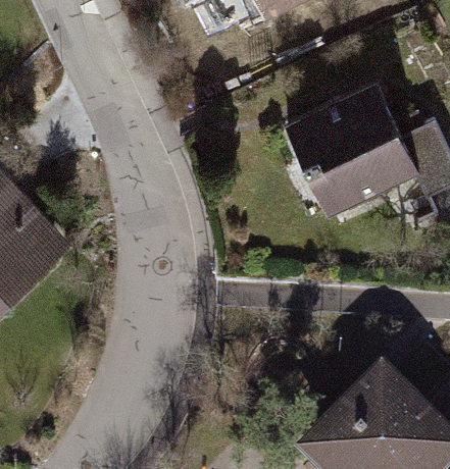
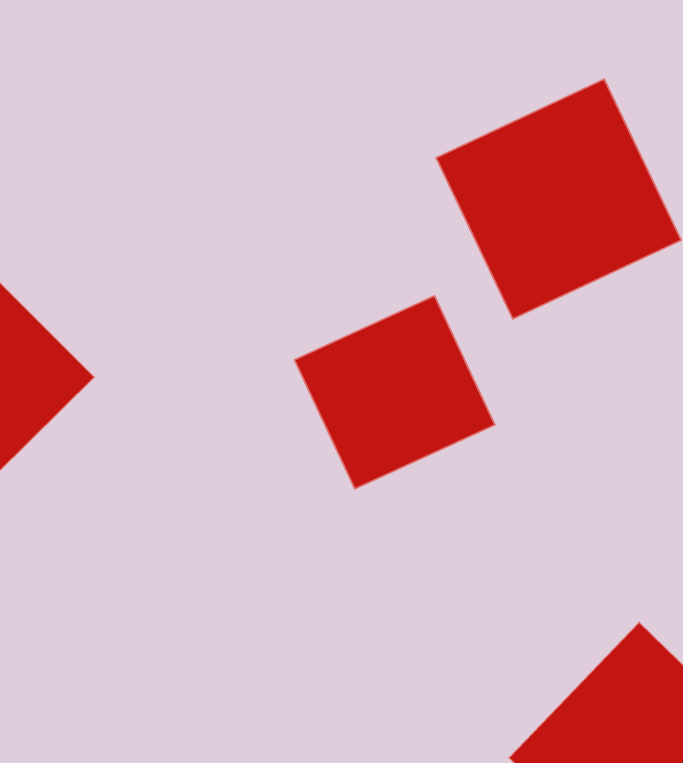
building: none -> [295,296,495,489]

